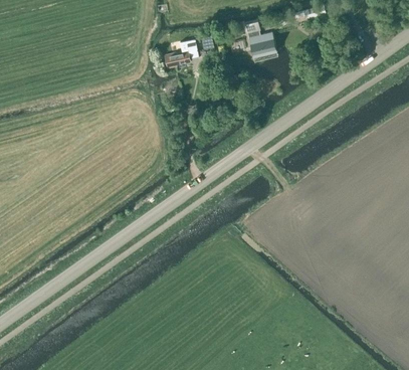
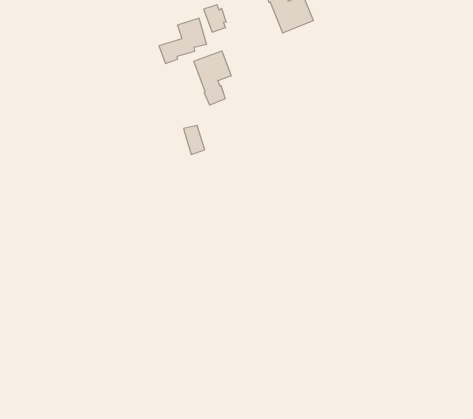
building: none -> [194,51,231,105]

